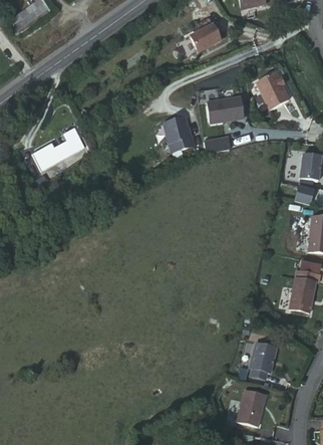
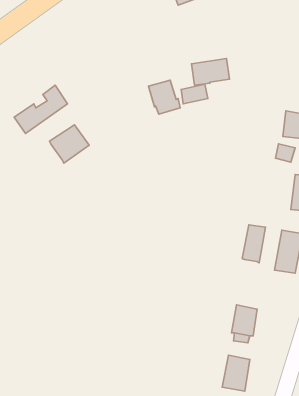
building: [256,72,288,109] -> none
building: none -> [49,125,89,163]
building: none -> [242,225,266,263]

